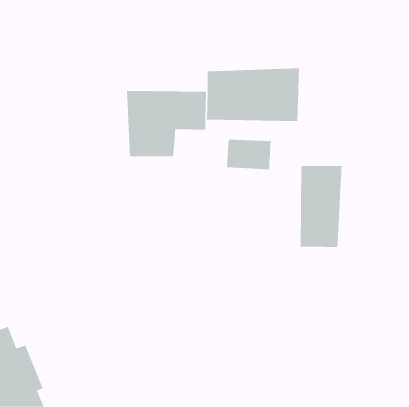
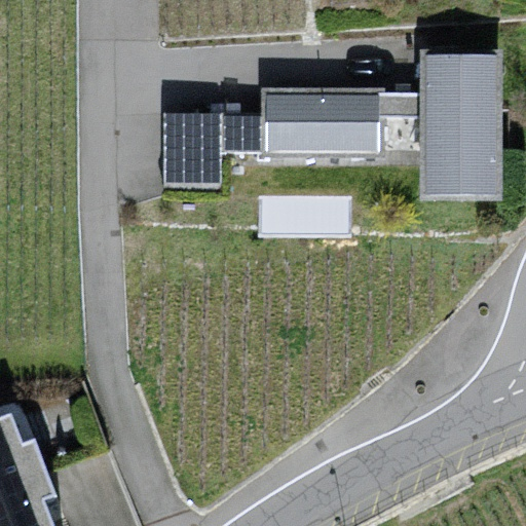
building: none -> [420,48,502,200]
building: [300,165,342,248] -> none

